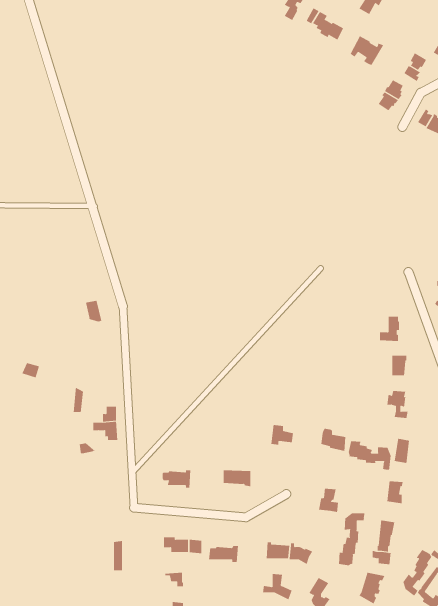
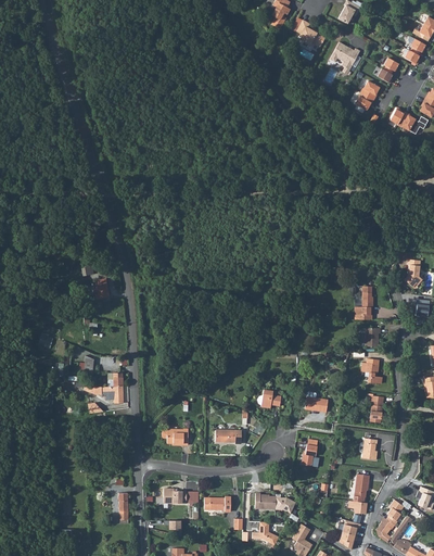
building: [348,440,391,471] -> none
building: [338,512,365,566] -> none

